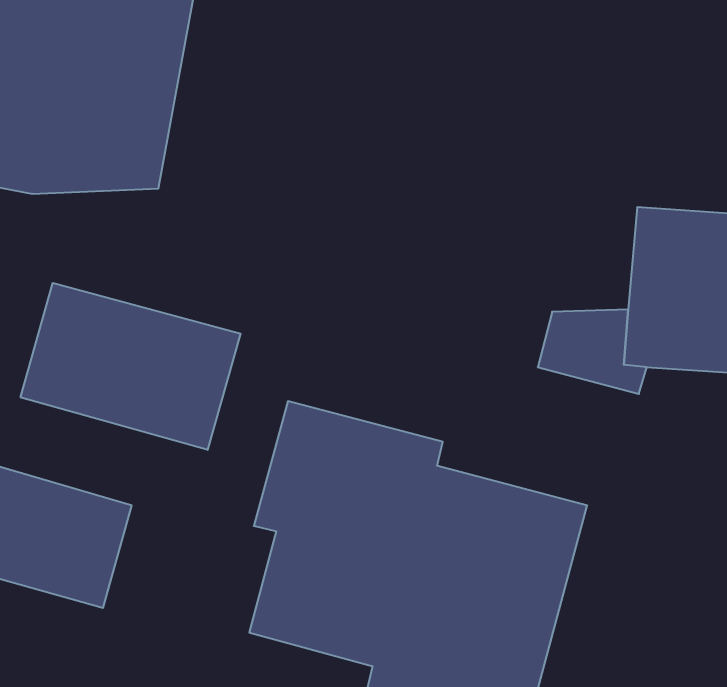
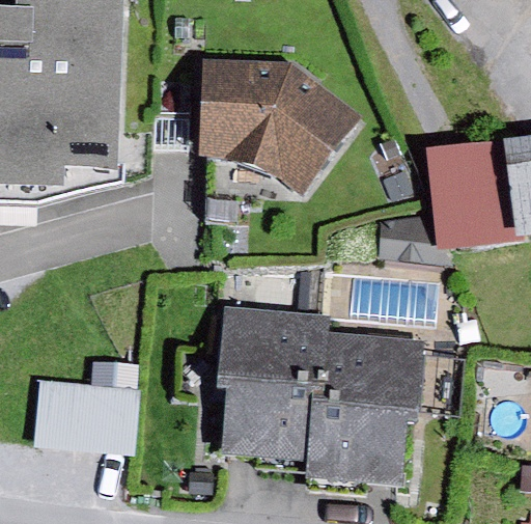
building: none -> [200,56,363,194]
building: [21,283,241,450] -> none

